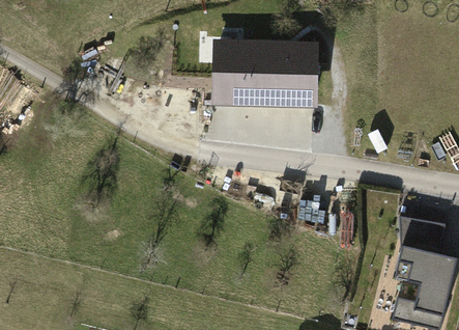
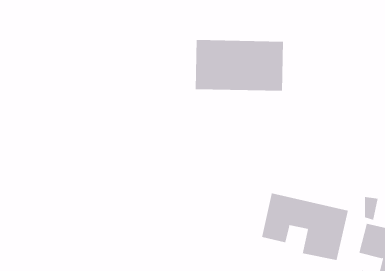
building: none -> [261,192,349,261]

